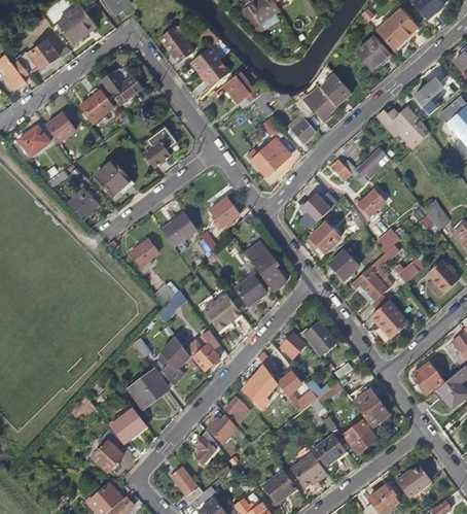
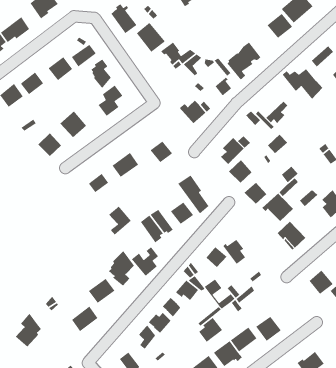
building: none -> [90,58,112,89]
building: [353,389,388,426] -> none
building: none -> [198,317,223,343]
building: [92,426,125,471] -> [15,313,42,347]

